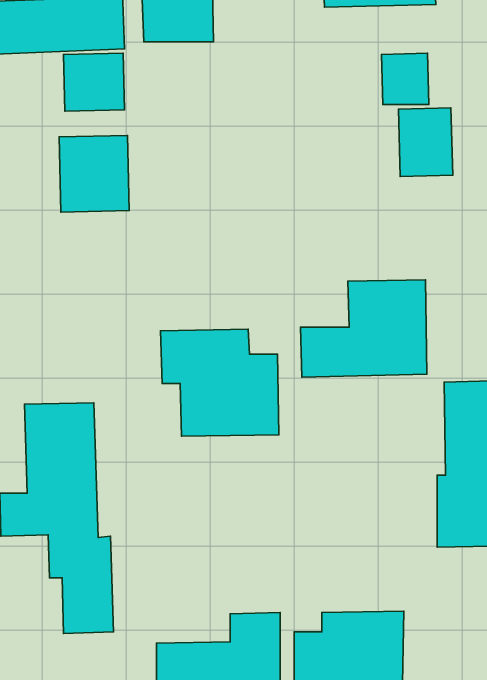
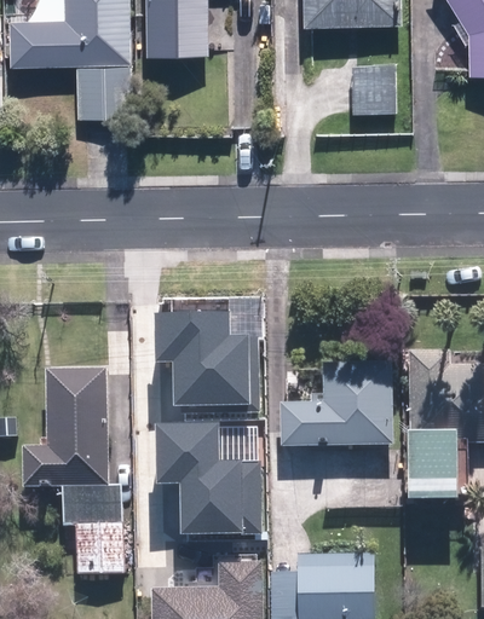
building: [398,108,453,177] -> none
building: [59,135,129,212] -> none
building: [300,280,427,377] -> [278,364,388,449]
building: none -> [165,420,267,528]

